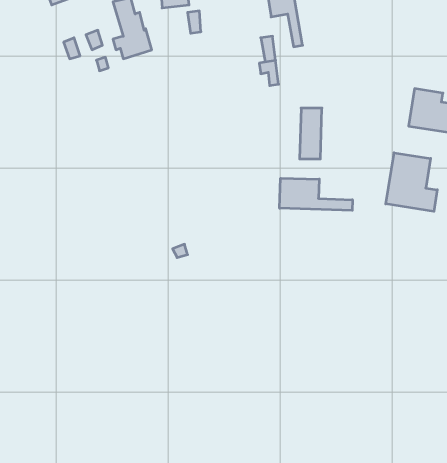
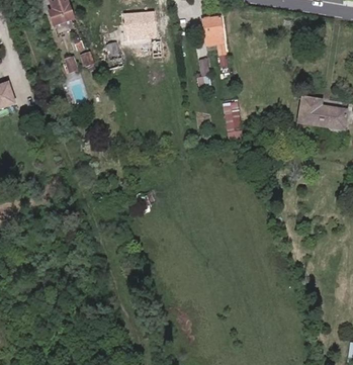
building: [386,153,437,211] -> none
building: [280,178,352,210] -> none

